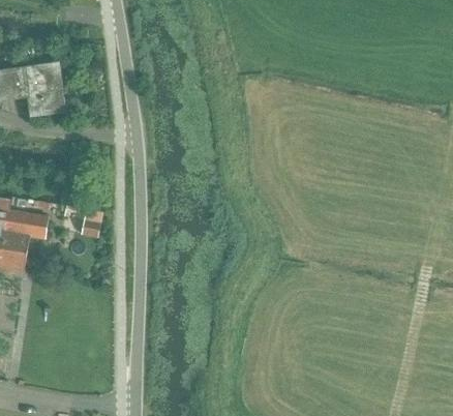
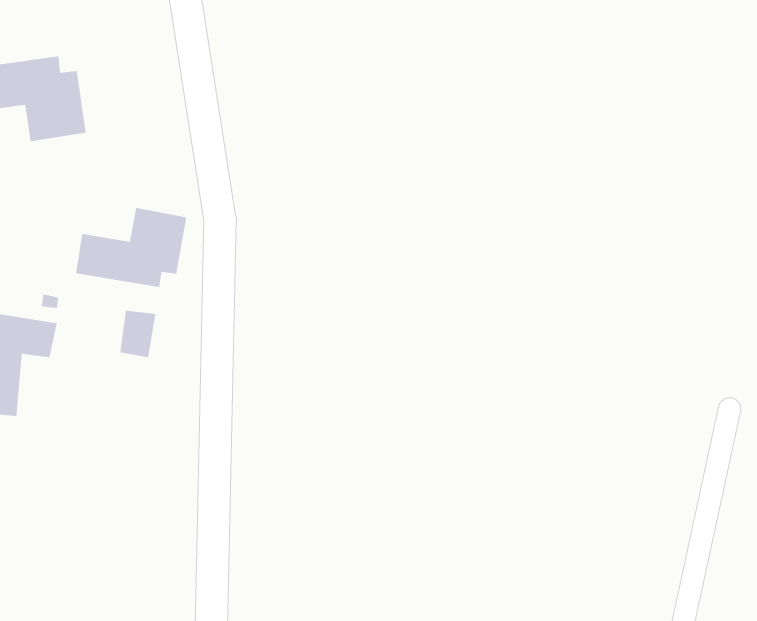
building: none -> [76,207,187,288]

